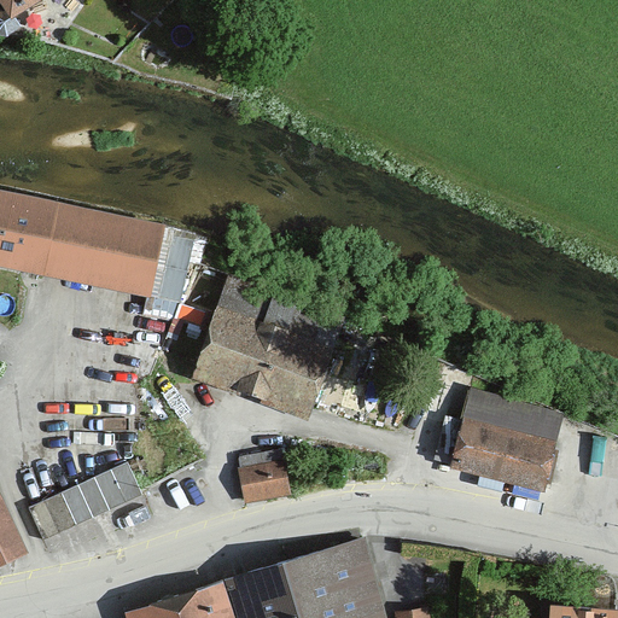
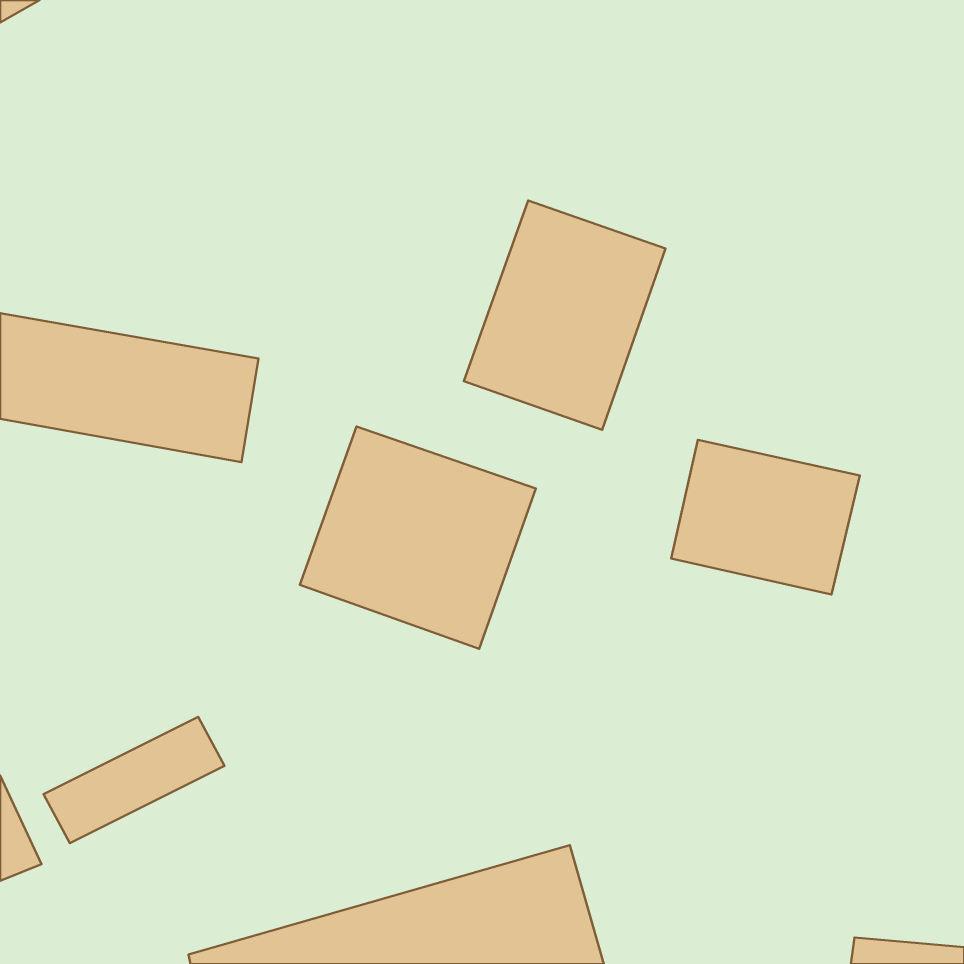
building: none -> [464,201,666,430]
building: [447,386,567,485] -> [671,440,860,594]
building: [239,454,291,500] -> none

